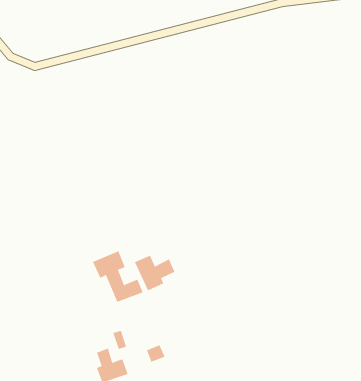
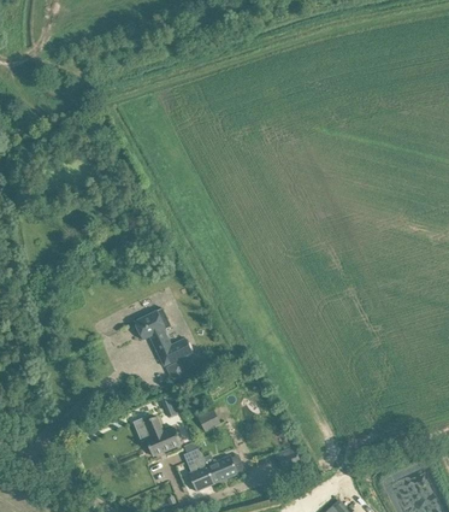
building: [134,255,175,291] -> none

